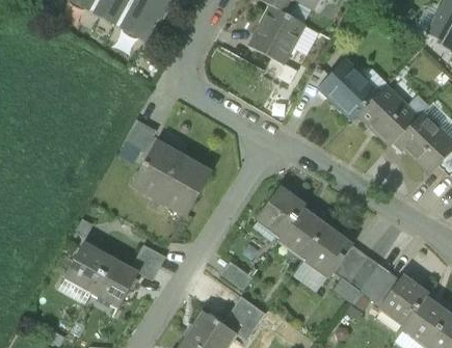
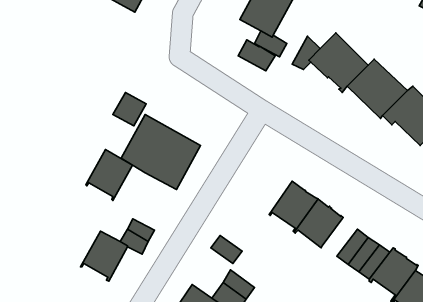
building: none -> [238,40,275,71]
building: [257,186,305,241] -> none
building: [64,242,111,293] -> [86,149,133,201]
building: [333,245,368,283] -> none

